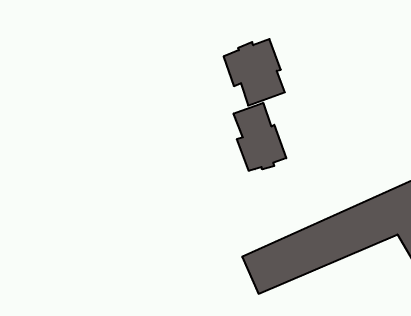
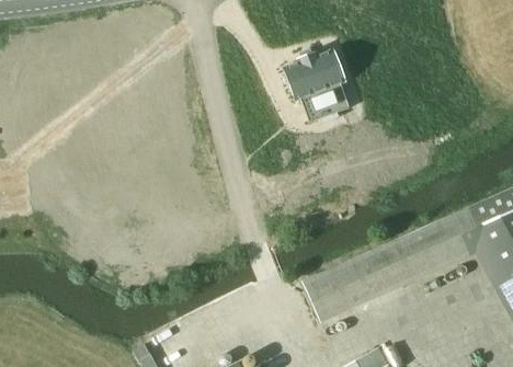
building: [234,103,286,171] -> none

